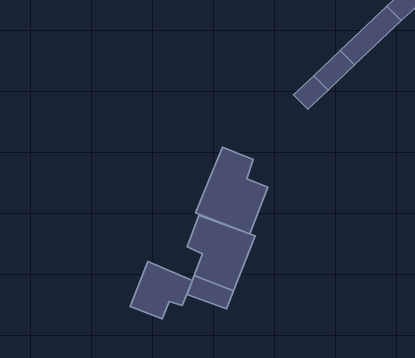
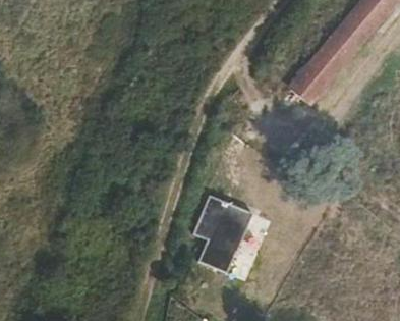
building: [195,147,268,234] -> none
building: [130,262,192,319] -> none

